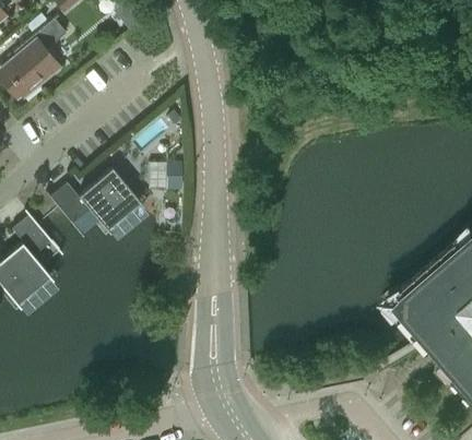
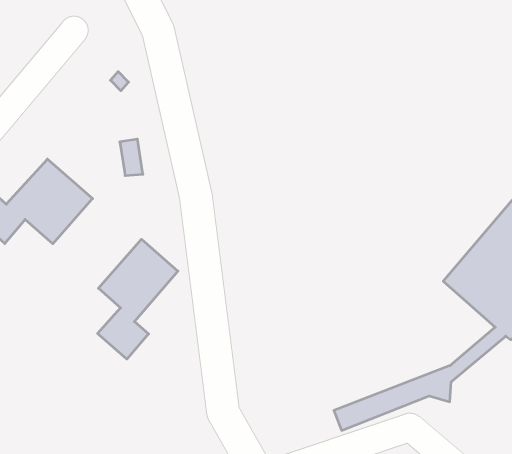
building: none -> [98,239,178,359]

